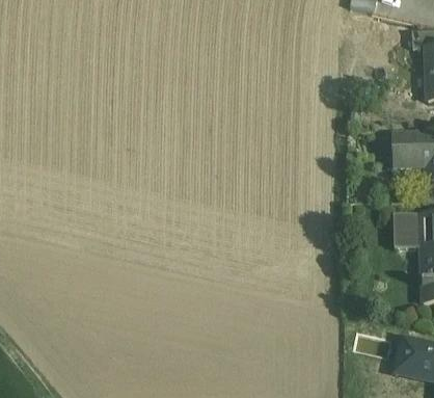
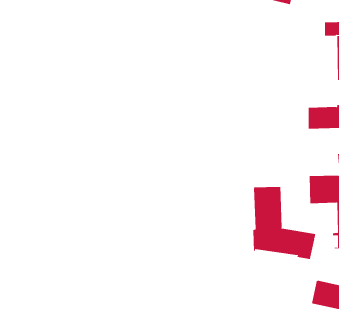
building: none -> [252,186,316,260]

